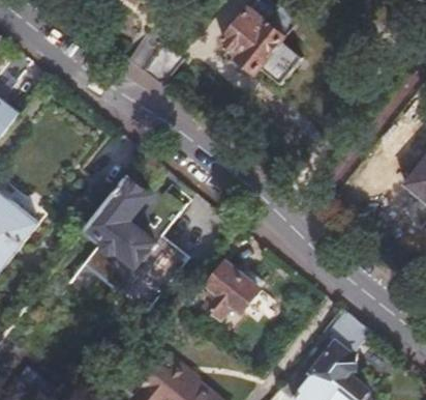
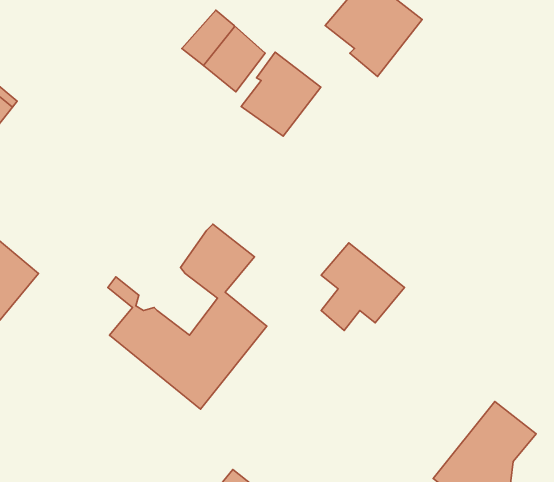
building: none -> [241,52,321,136]
building: [88,175,156,263] -> none
building: [208,261,264,320] -> [321,243,404,331]

